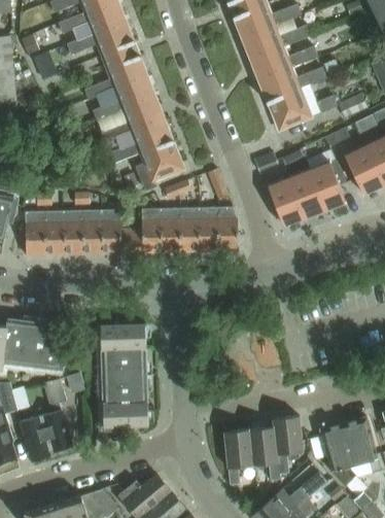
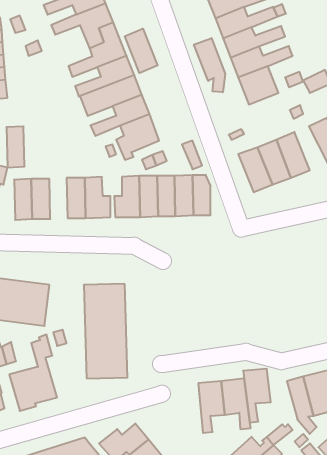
building: none -> [125,29,158,73]
building: none -> [194,38,225,92]
building: [64,209,83,253] -> [6,126,25,167]

